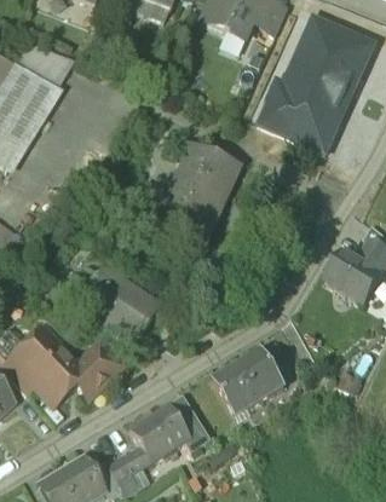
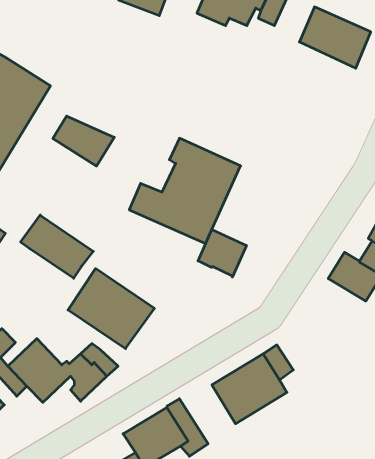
building: [17,42,76,91] -> [53,116,114,166]
building: [259,48,355,149] -> none
building: none -> [21,215,93,278]
building: none -> [198,230,246,277]

